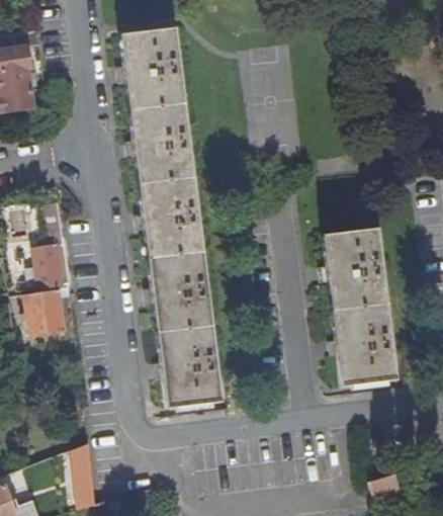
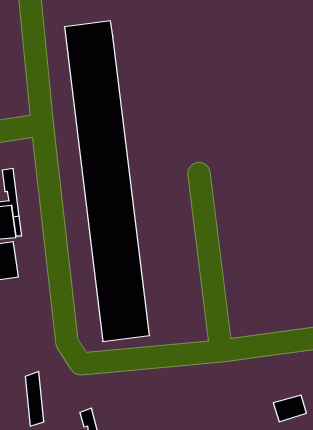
building: [322,229,395,386] -> none

